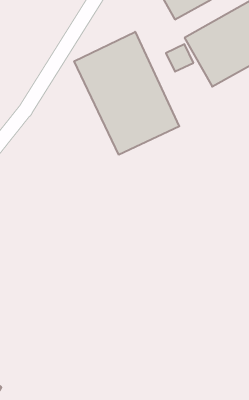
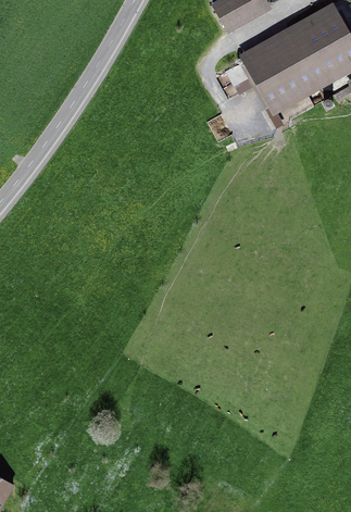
building: [74,32,179,155] -> none

